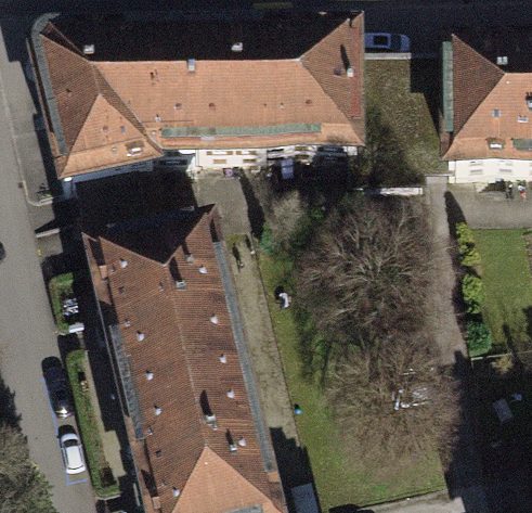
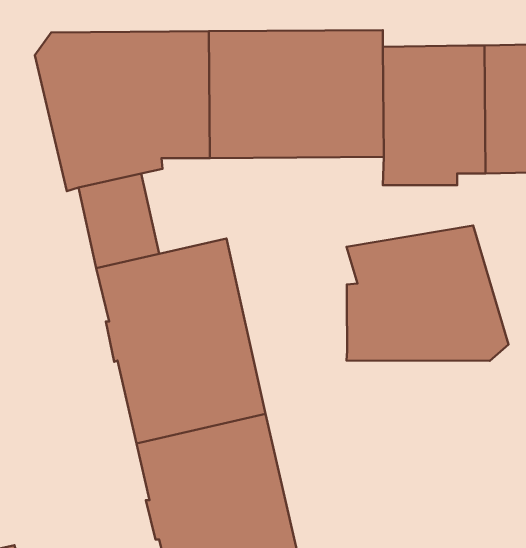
building: none -> [346,226,509,361]

